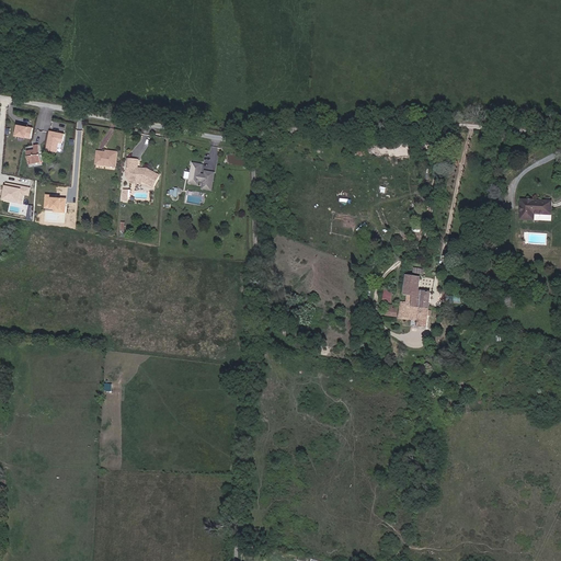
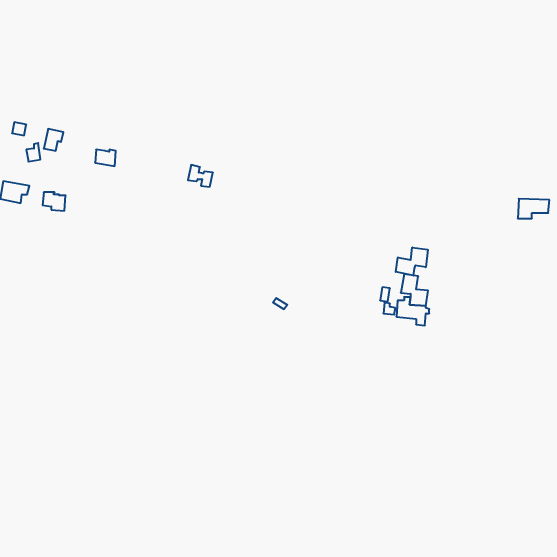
building: [126,159,159,186] -> none
building: none -> [396,247,428,276]

